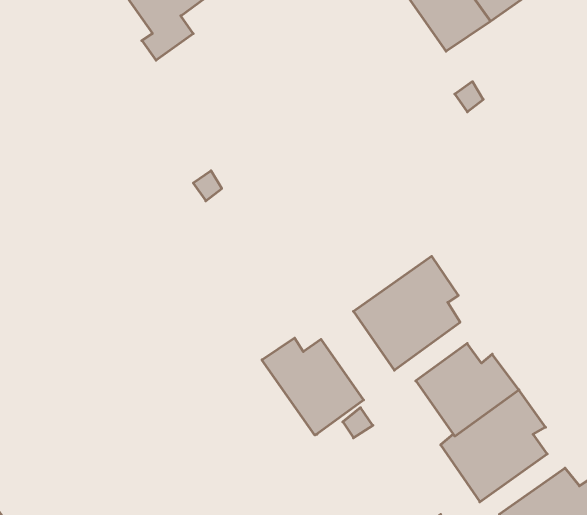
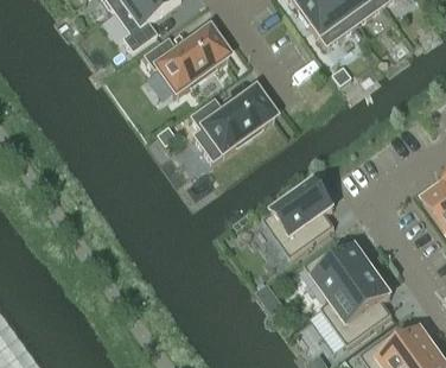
building: none -> [142,26,227,91]
building: none -> [189,87,273,159]
building: [262,338,364,435] -> none

